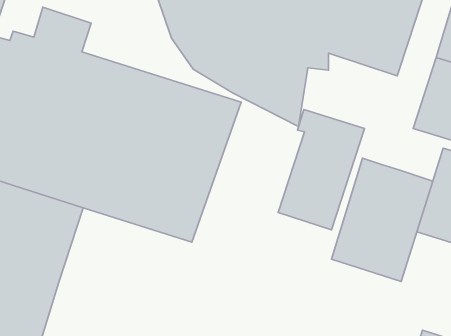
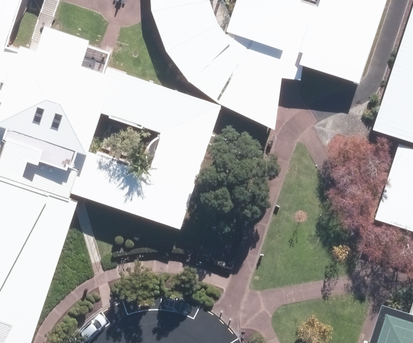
building: [278,109,365,230] -> none
building: [332,158,433,281] -> none

